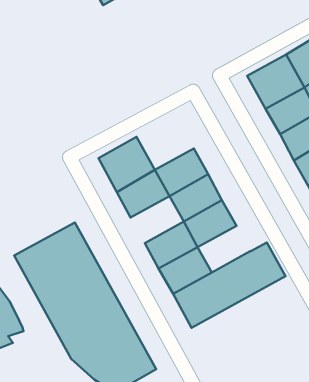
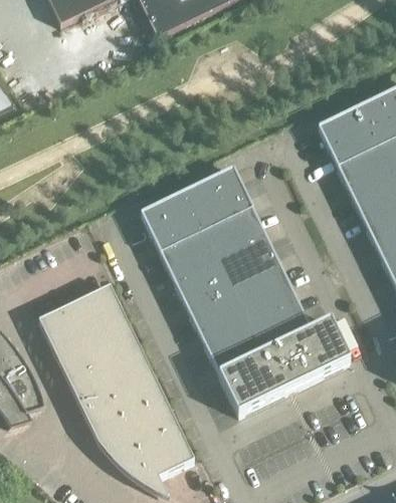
building: none -> [187,167,252,228]
building: none -> [175,259,236,311]
building: none -> [250,297,311,349]

